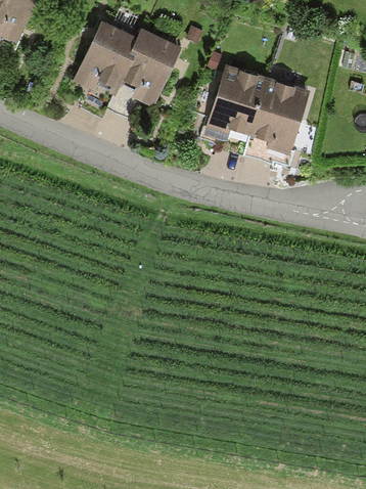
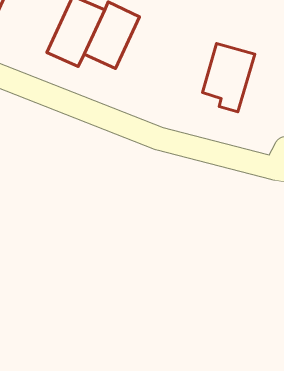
building: [205,66,264,138] -> none

